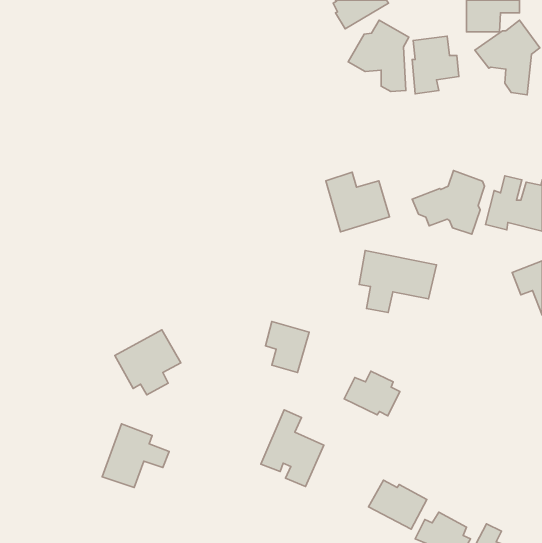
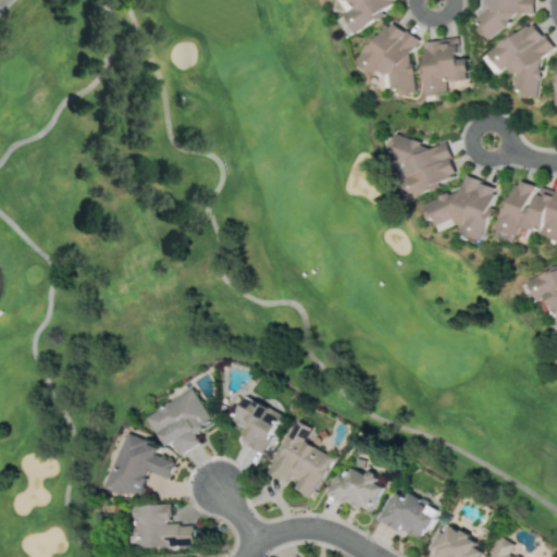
building: [326,172,390,232] -> [391,134,456,195]
building: [359,250,436,312] -> none
building: [265,321,309,372] -> [233,399,277,451]
building: [115,330,181,395] -> [144,389,211,456]
building: [344,371,400,416] -> [324,467,381,512]
building: none -> [131,505,191,547]

